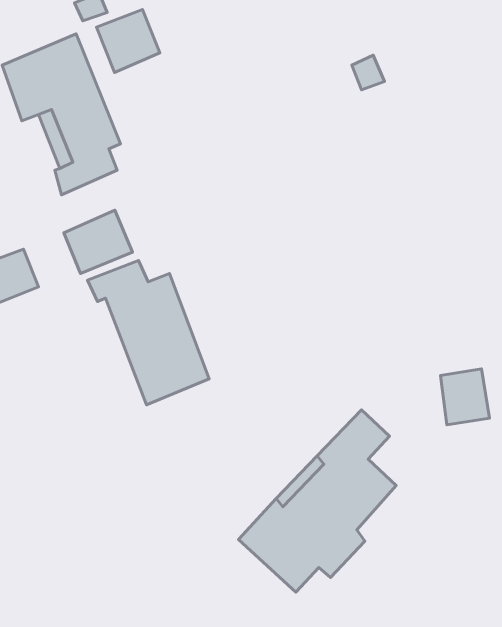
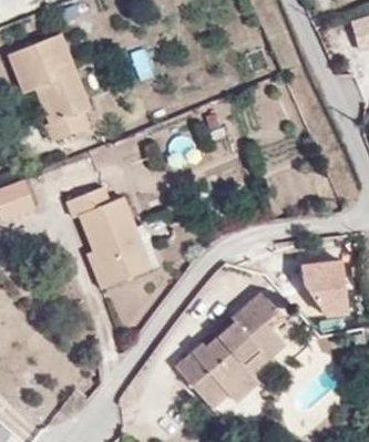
building: [96,9,160,72] -> none
building: [64,210,133,273] -> none

